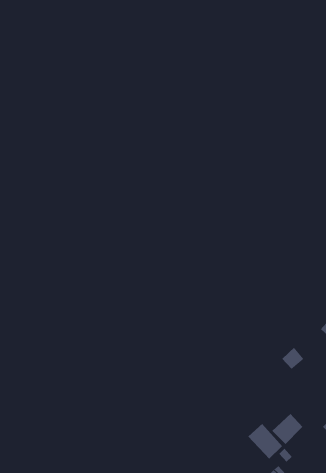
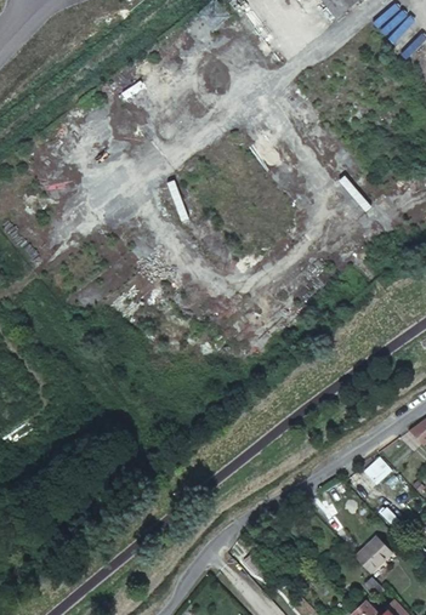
building: [247,423,283,459] -> none

